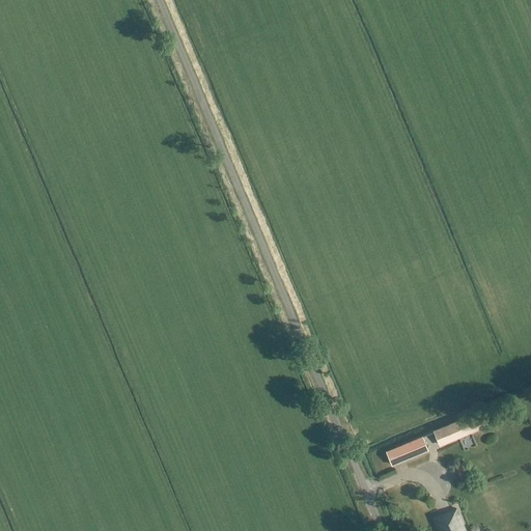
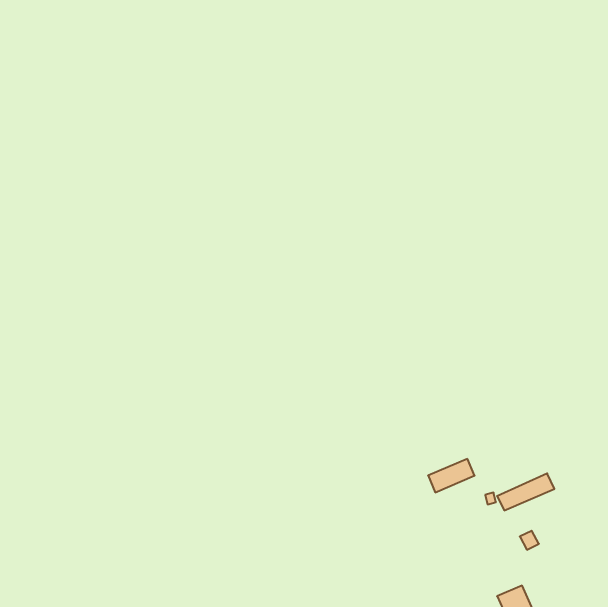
building: [386,438,426,467] -> [428,459,475,492]

